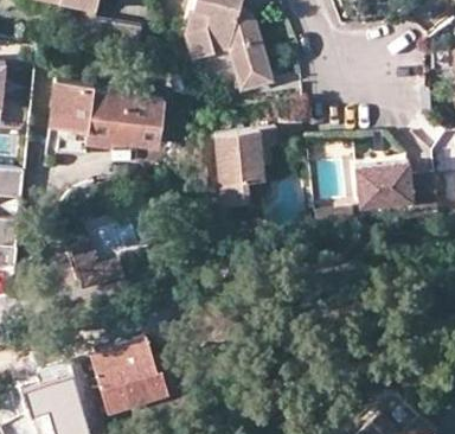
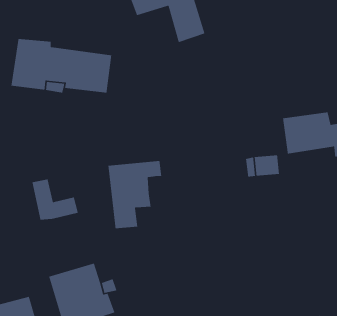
building: [214,129,276,208] -> [108,160,162,229]

